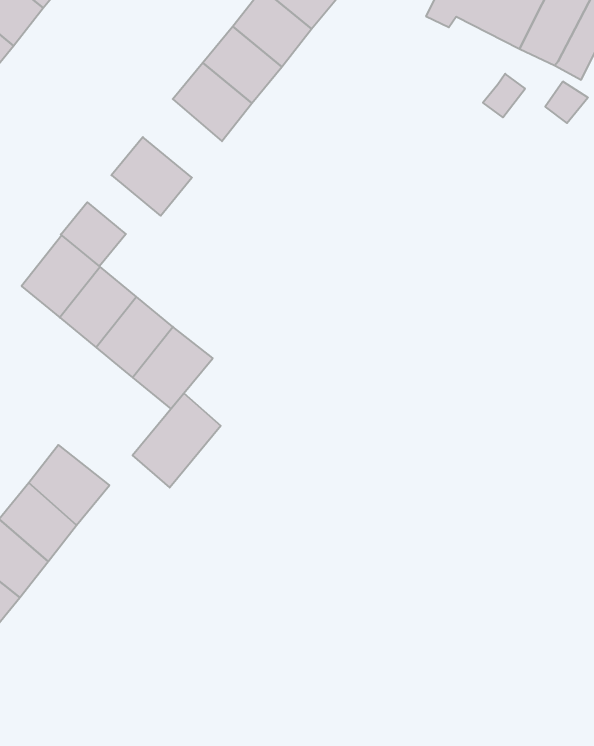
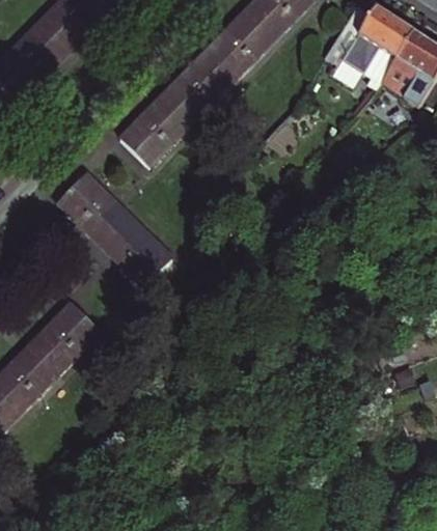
building: none -> [142,93,191,143]
building: [61,202,126,266] -> none
building: [133,393,221,488] -> none

